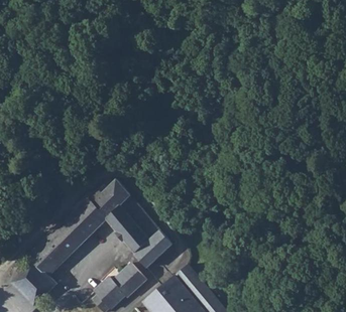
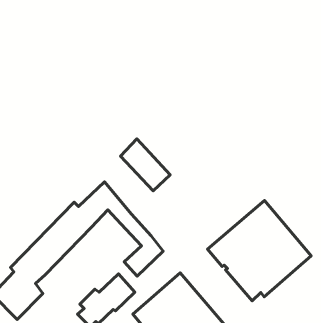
building: none -> [207,200,311,301]
building: [104,205,150,254] -> [121,139,170,191]

